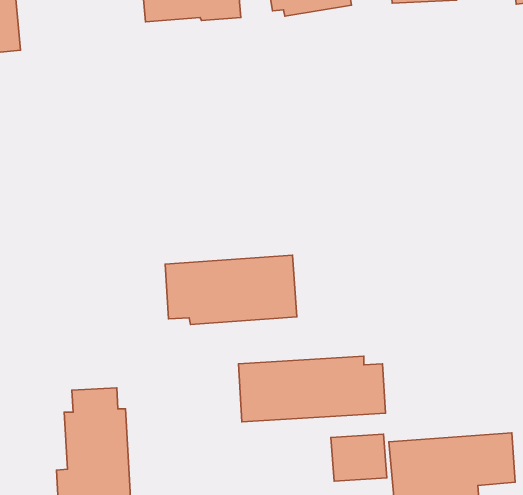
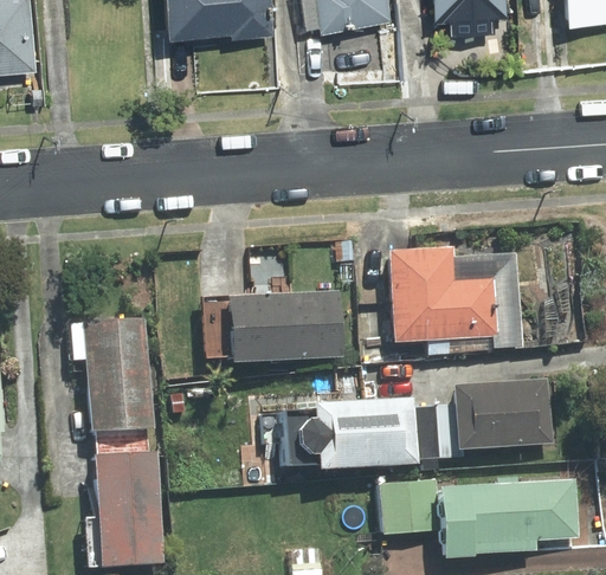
building: none -> [383,251,524,355]
building: none -> [80,318,152,431]
building: none -> [447,380,549,450]

